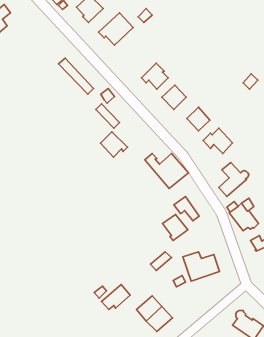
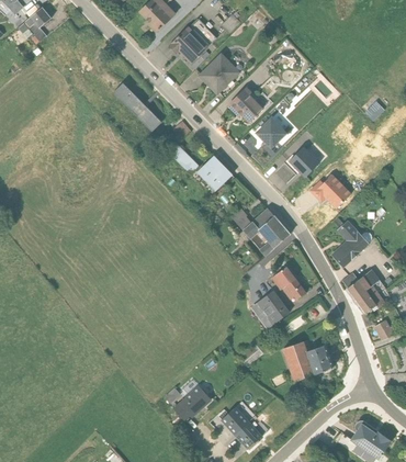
building: none -> [199,54,240,92]
building: [101,132,127,157] -> [198,157,234,191]

